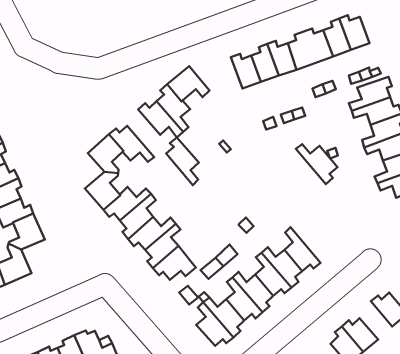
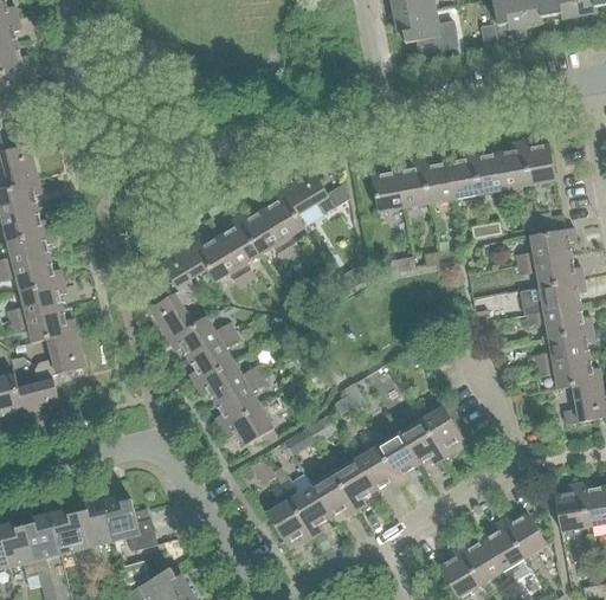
building: [166,137,199,185] -> [218,217,259,283]
building: [296,144,337,184] -> [411,400,462,458]
building: none -> [482,520,523,572]

